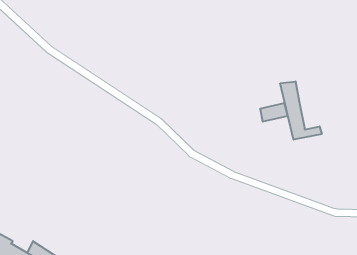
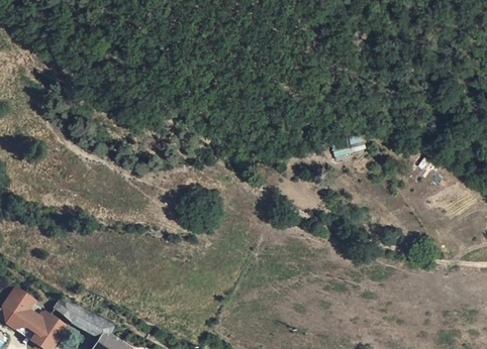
building: [280,81,322,140] -> none

